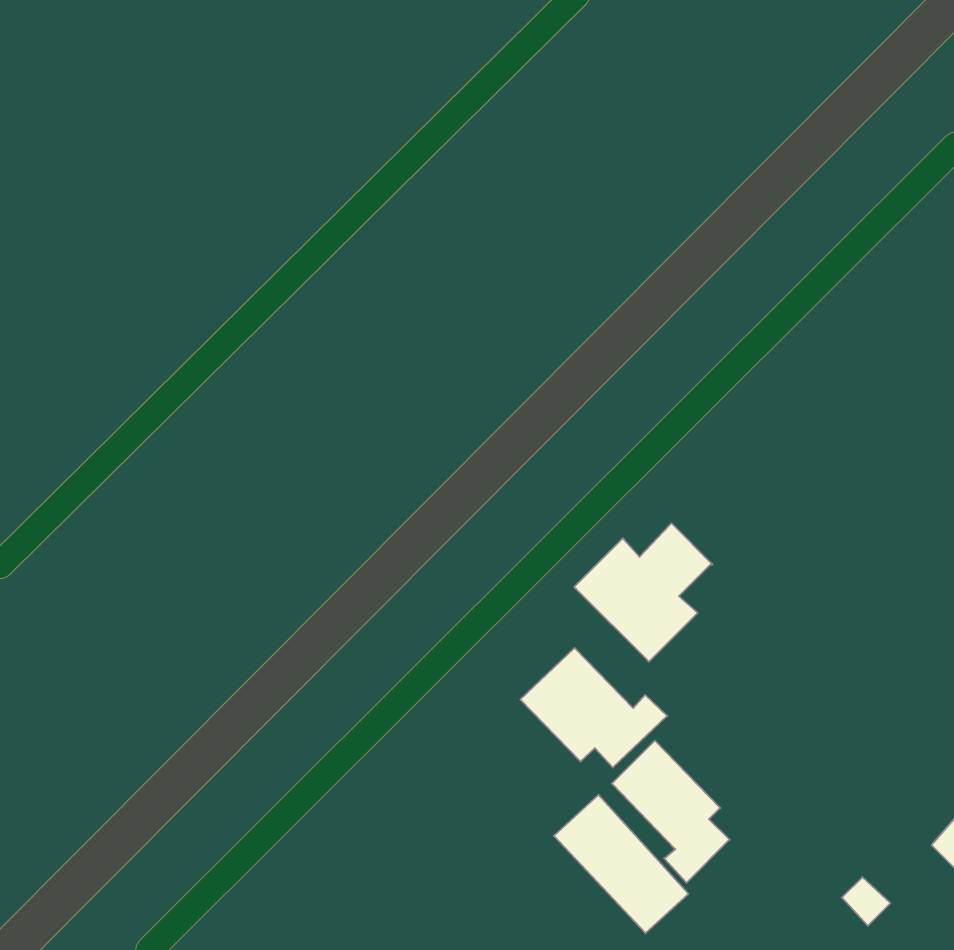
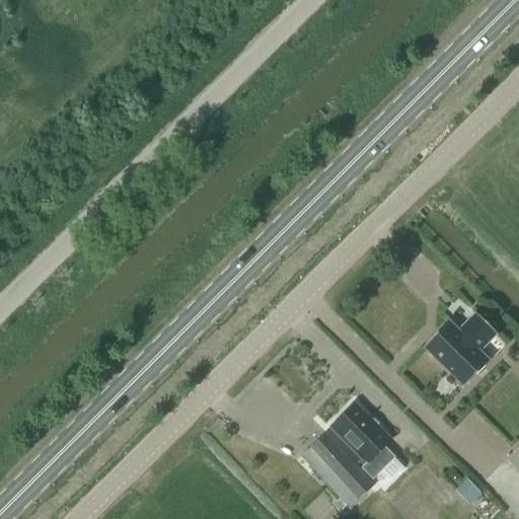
building: [574,523,713,662] -> [424,310,499,385]
building: [520,648,667,768] -> none

